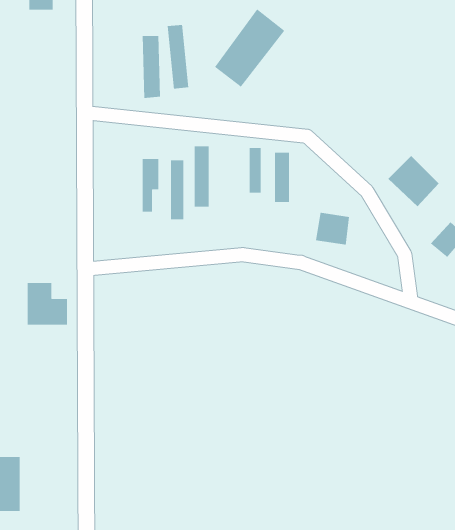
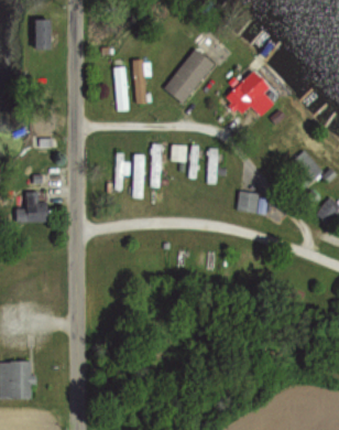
building: none -> [226,72,280,116]
building: [27,283,68,325] -> [20,192,48,222]

